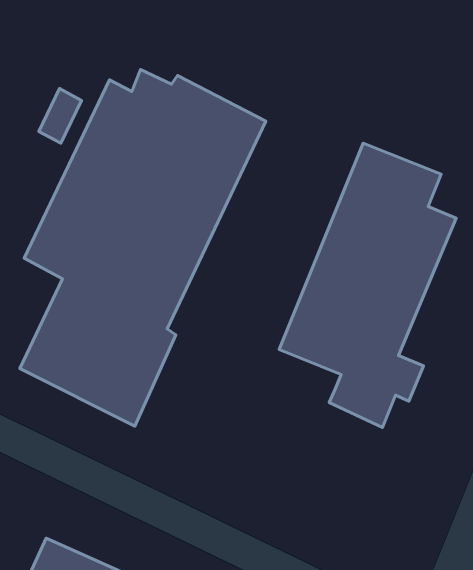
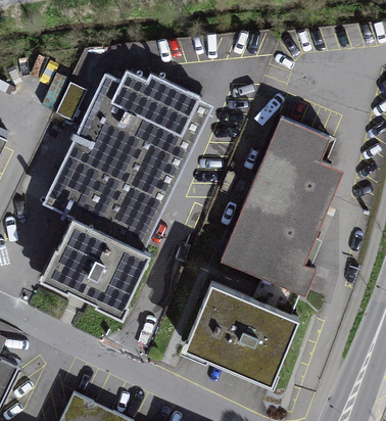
building: none -> [177,279,302,388]

